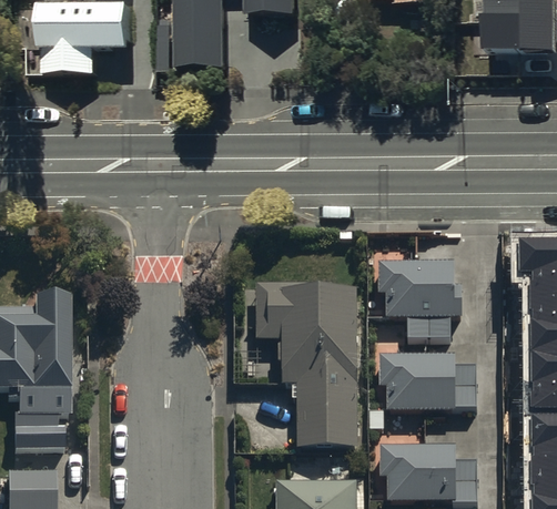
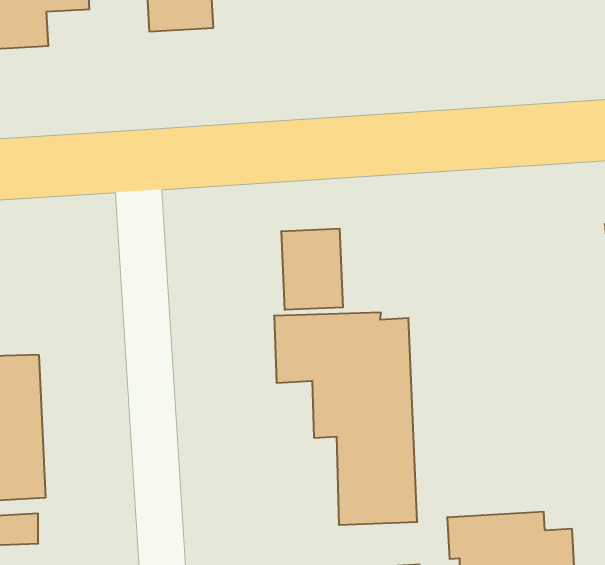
building: none -> [281,229,343,310]
building: [379,262,463,339] -> none
building: [381,357,477,410] -> none

